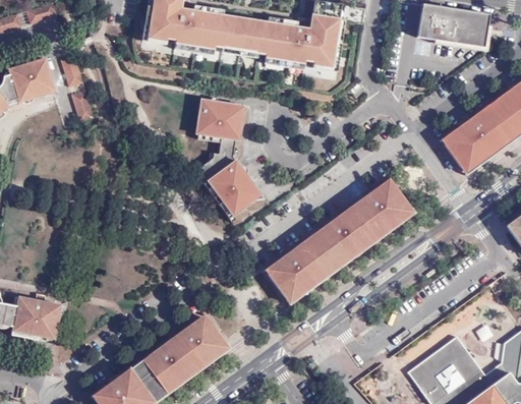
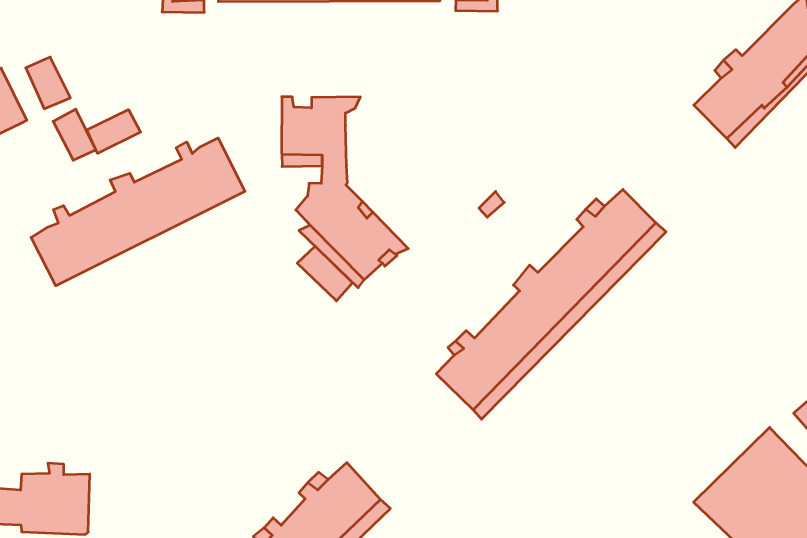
building: none -> [87,110,141,153]
building: none -> [31,138,245,286]
building: none -> [297,246,353,301]

